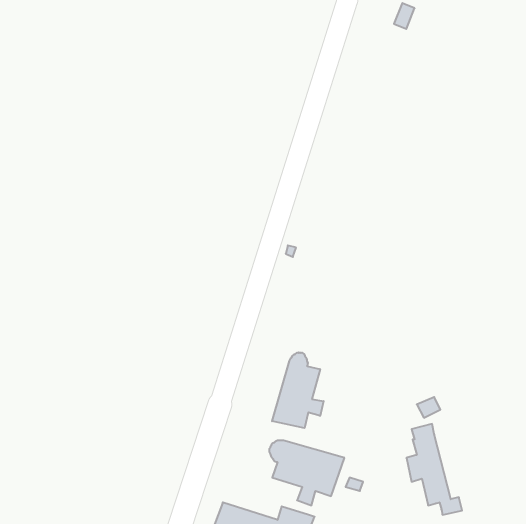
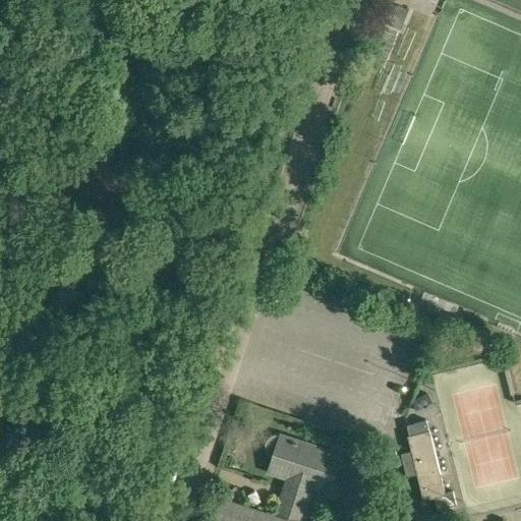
building: [272,352,324,428] -> none

